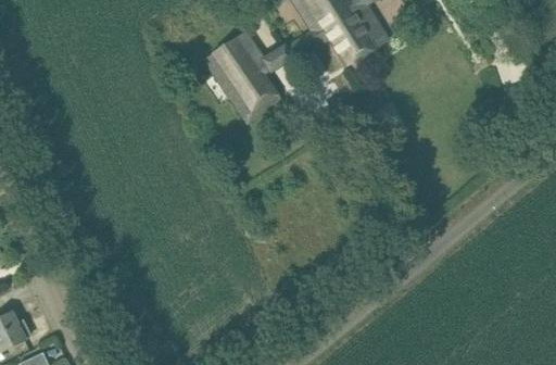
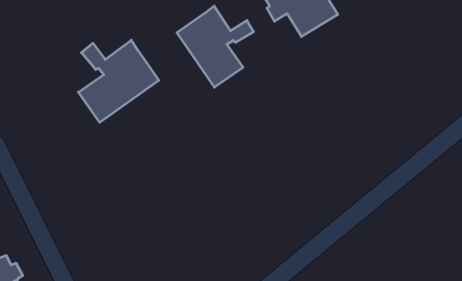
building: none -> [78,40,159,122]

